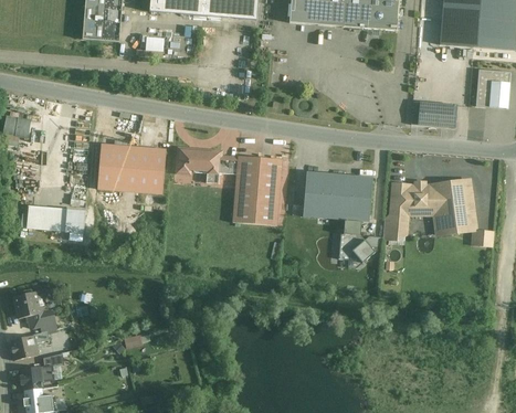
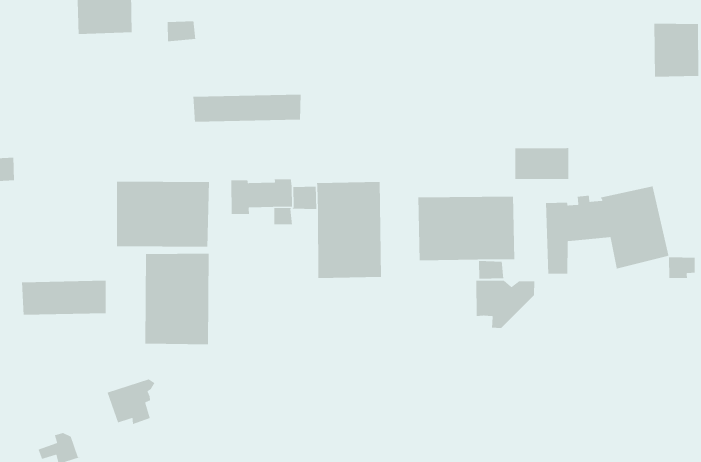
building: none -> [193,94,302,123]
building: [415,102,455,127] -> [514,147,569,180]
building: none -> [145,253,209,345]
building: [11,289,45,320] -> [107,379,156,425]

